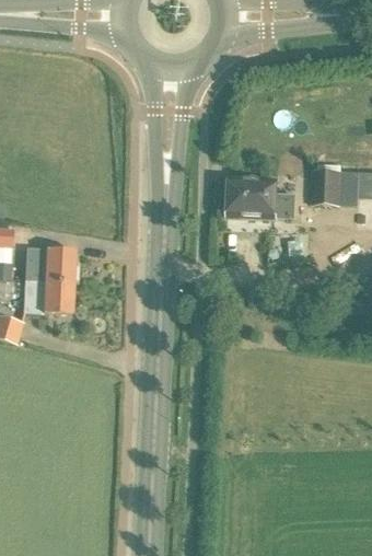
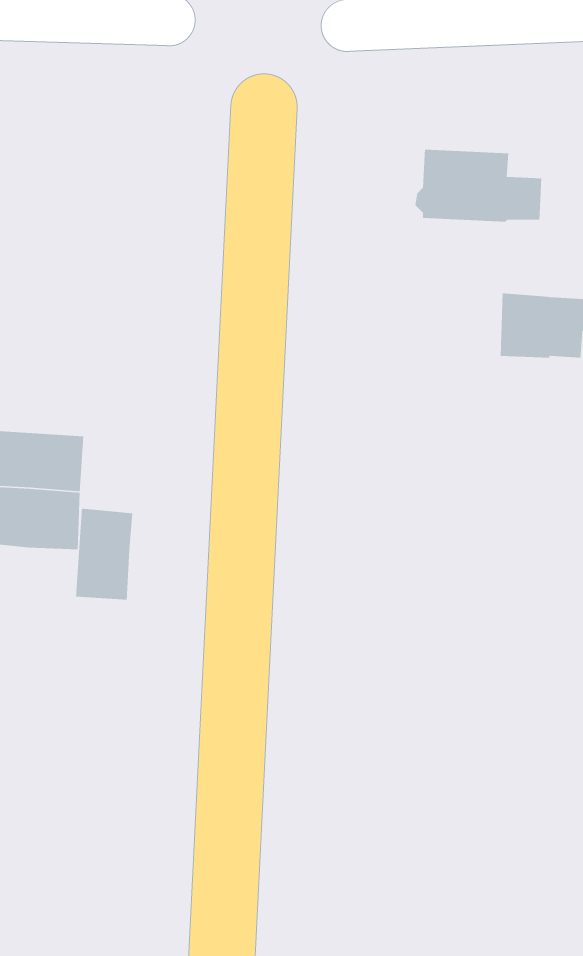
building: [224,177,297,219] -> [415,149,542,222]
building: none -> [75,508,133,601]

